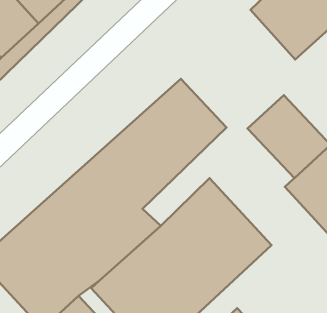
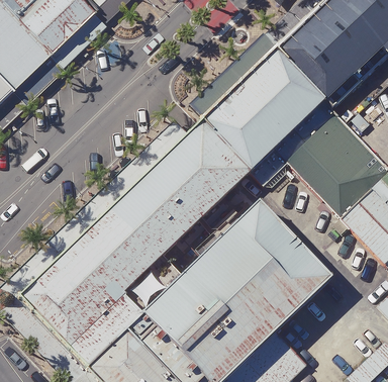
building: none -> [219,30,341,155]

